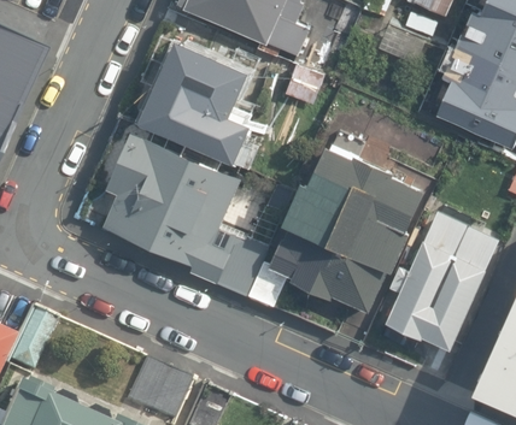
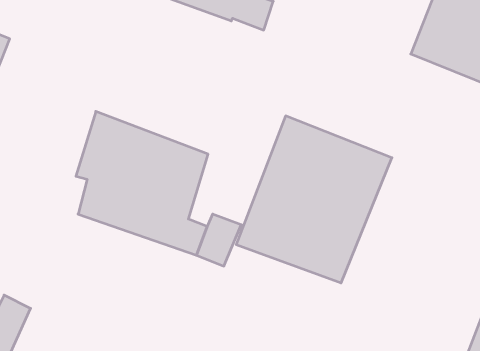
building: [141,45,254,170] -> none
building: [374,209,496,358] -> none

